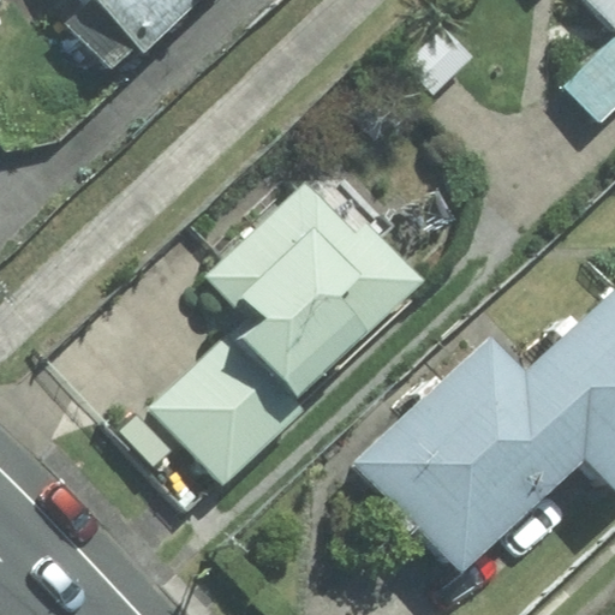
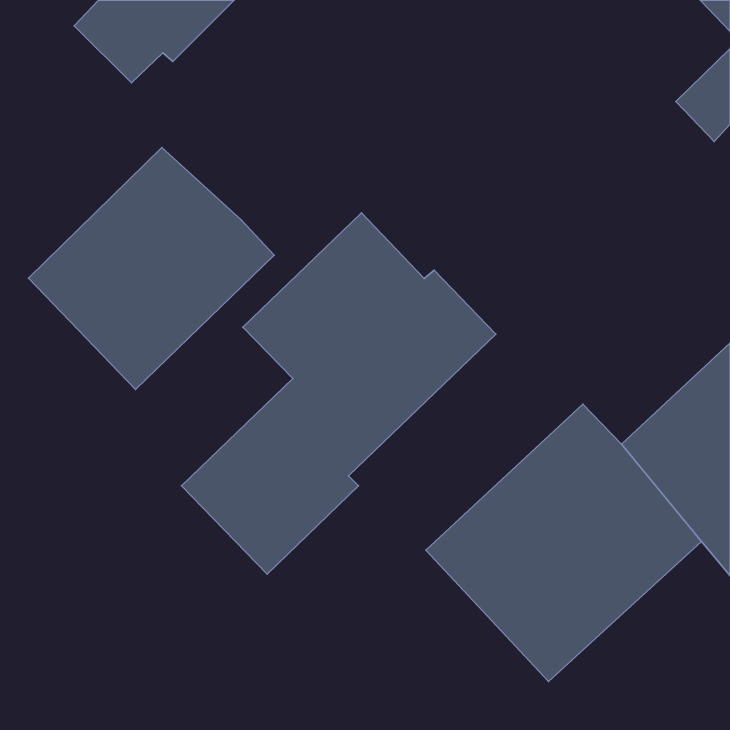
building: none -> [29,148,274,389]

